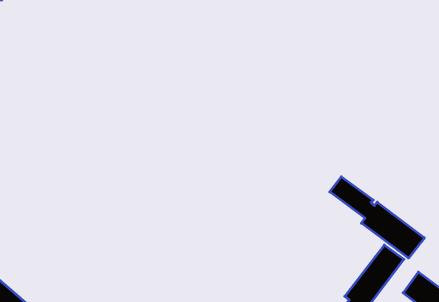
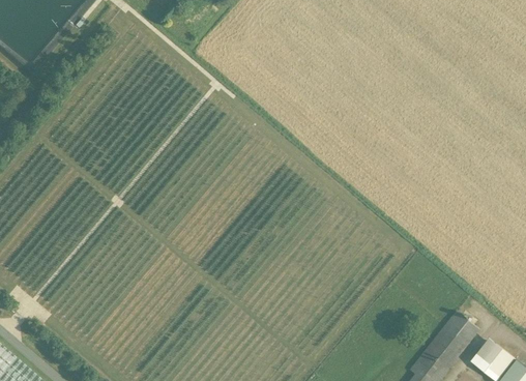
building: [330,177,424,258] -> none

